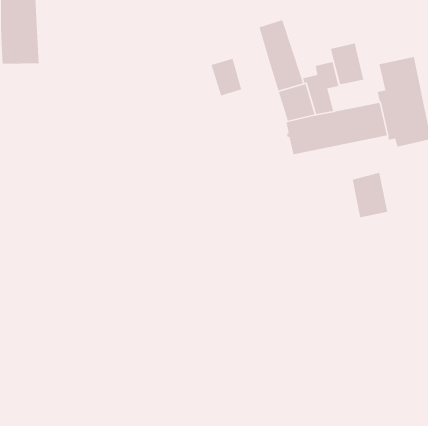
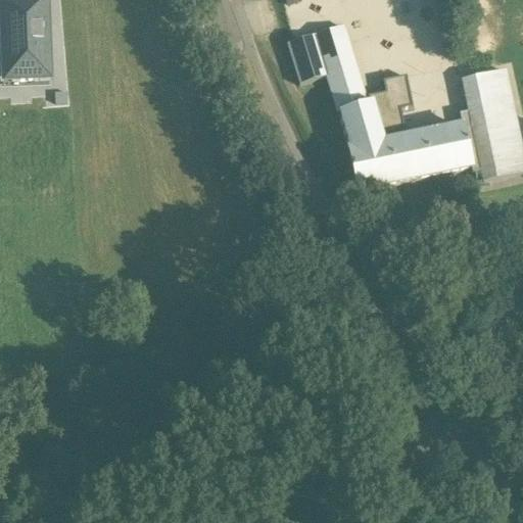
building: [330,42,364,85] -> none
building: [210,58,242,96] -> [288,33,327,80]
building: [352,172,388,218] -> none

